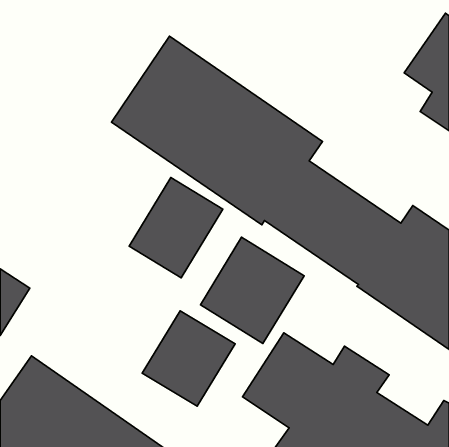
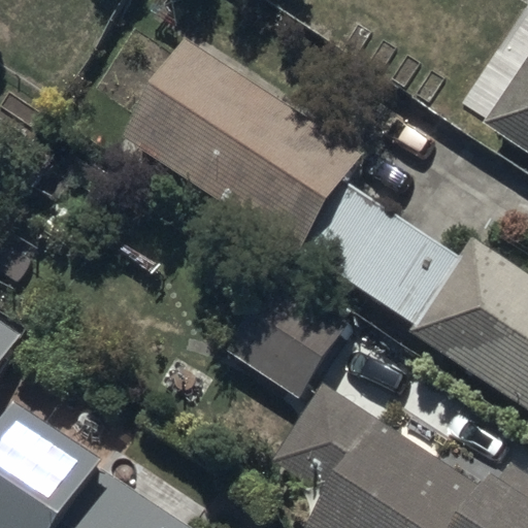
building: [129,177,223,278] -> none
building: [142,311,235,406] -> none

